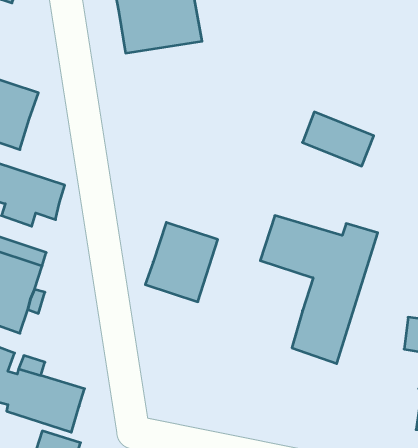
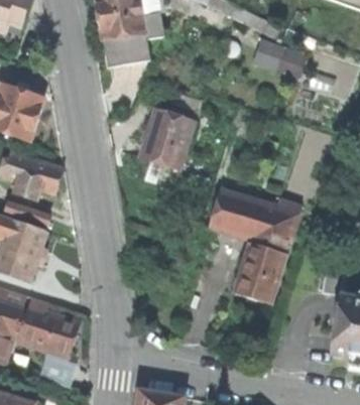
building: [302,112,374,166] -> [259,36,314,78]
building: [145,222,218,302] -> [139,108,195,168]

